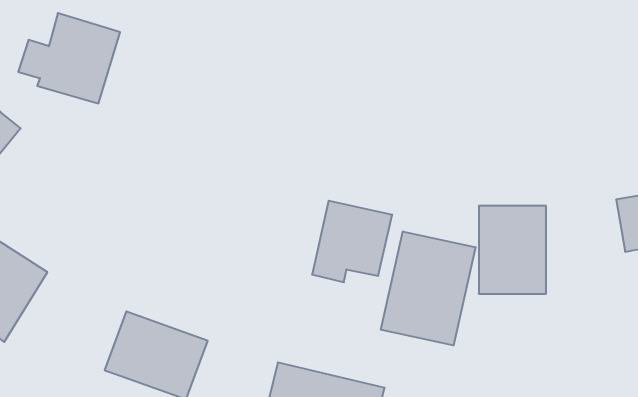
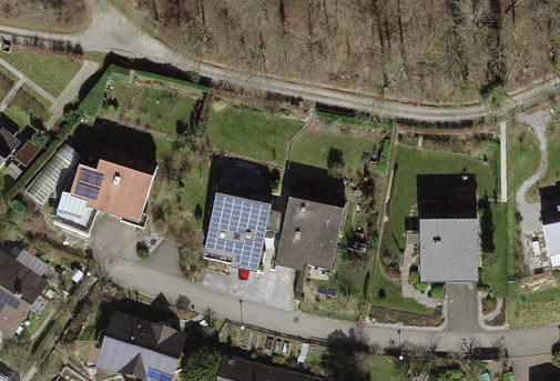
building: [18,13,120,103] -> [67,152,155,231]
building: none -> [201,204,269,281]
building: [381,231,476,345] -> none

